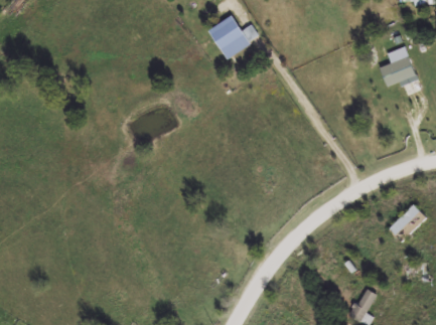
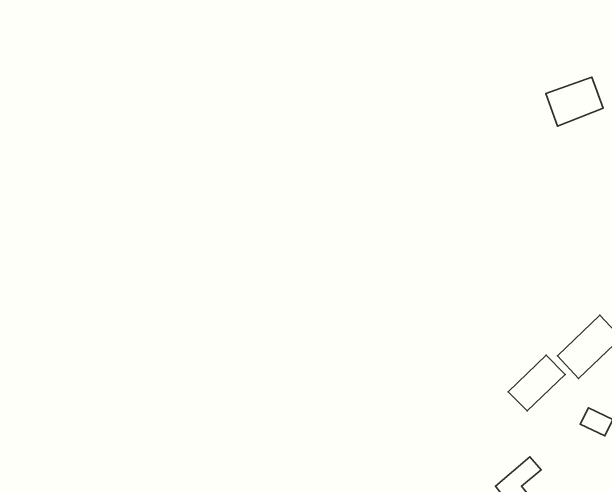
building: [210,18,257,52] -> none
building: none -> [508,355,565,411]

